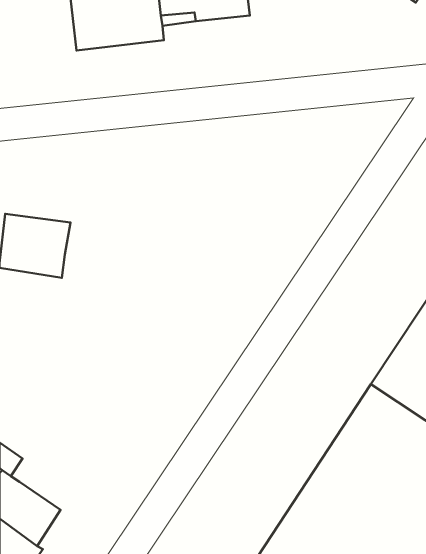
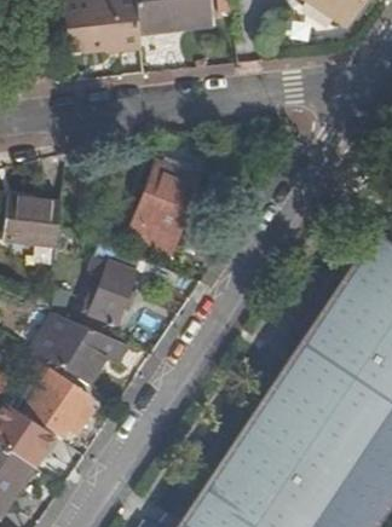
building: none -> [125,152,200,250]
building: none -> [83,242,142,323]
building: none -> [31,318,129,384]
building: none -> [19,373,91,442]

